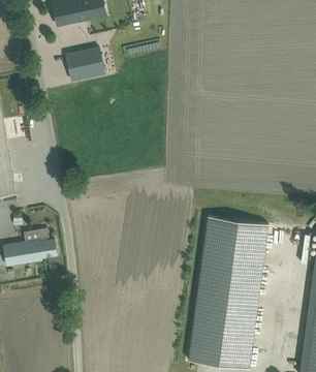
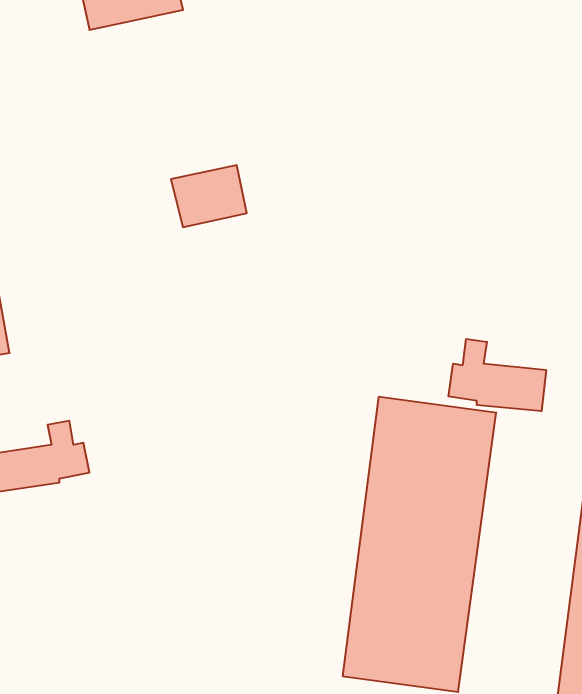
building: [65,49,104,81] -> [171,165,247,227]
building: none -> [448,339,546,411]

